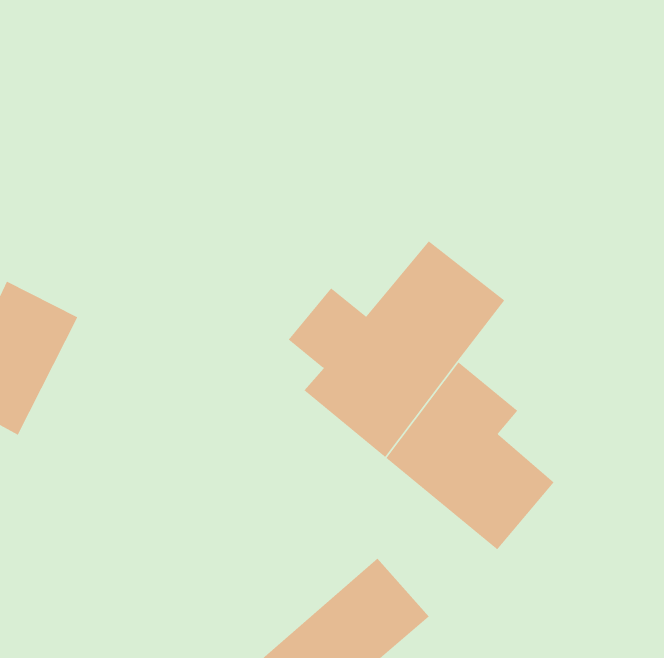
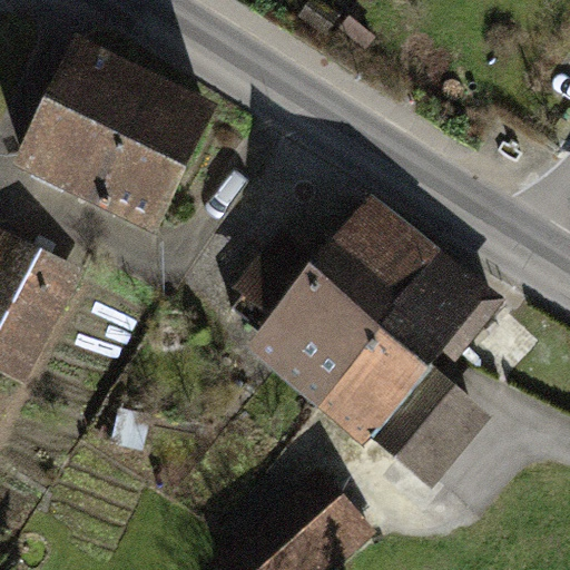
building: none -> [23,56,206,230]
building: none -> [392,263,493,362]

